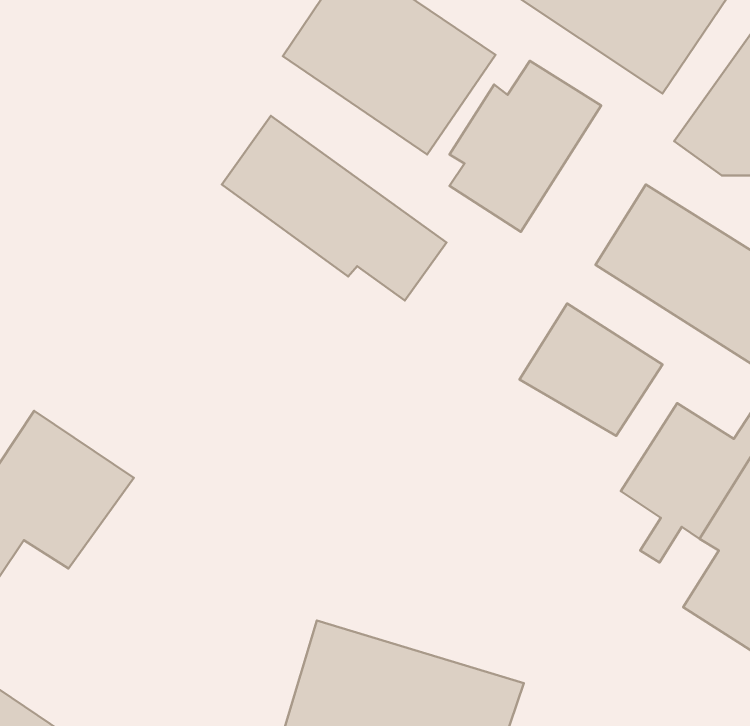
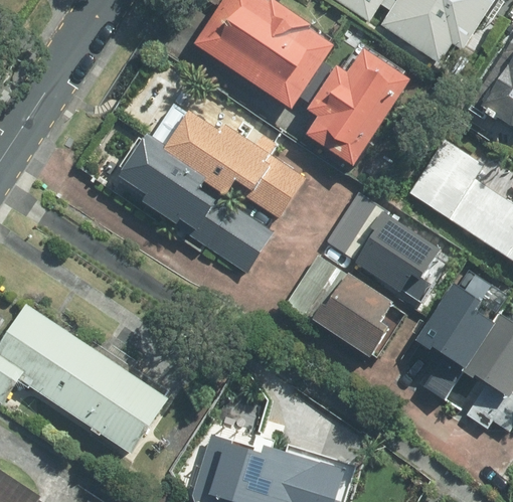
building: none -> [116,134,274,274]
building: none -> [313,277,398,361]
building: none -> [46,332,182,456]

